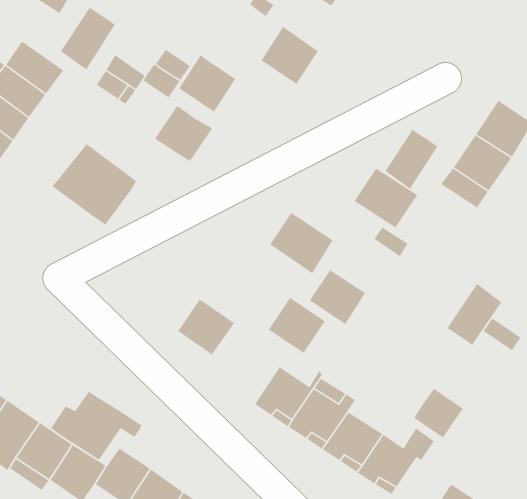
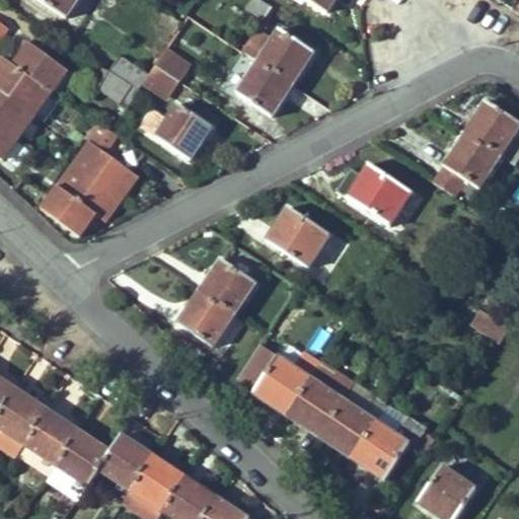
building: [60,6,116,71] -> none
building: [178,55,236,113] -> [236,61,292,117]
building: [384,129,438,190] -> none
building: none -> [40,181,95,233]
building: [309,269,366,325] -> none
building: [446,283,502,346] -> none
building: [268,297,326,354] -> [199,257,254,312]
building: [413,388,464,439] -> none
building: [50,391,143,461] -> none

